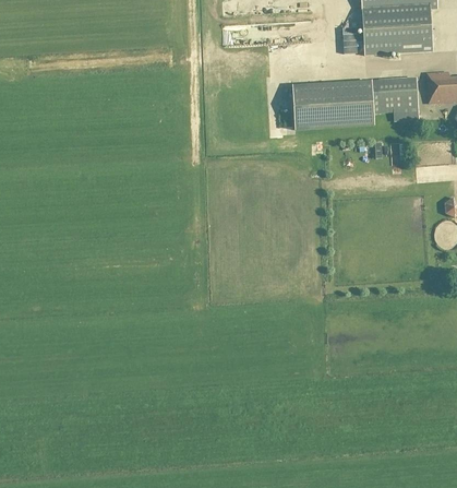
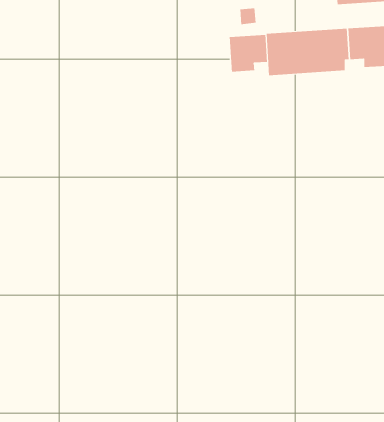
building: none -> [229,34,267,72]

